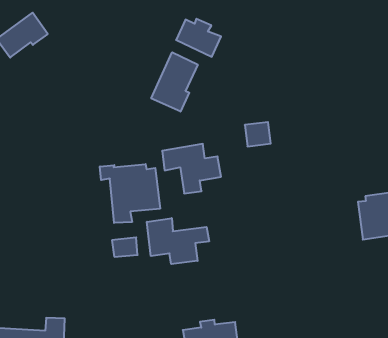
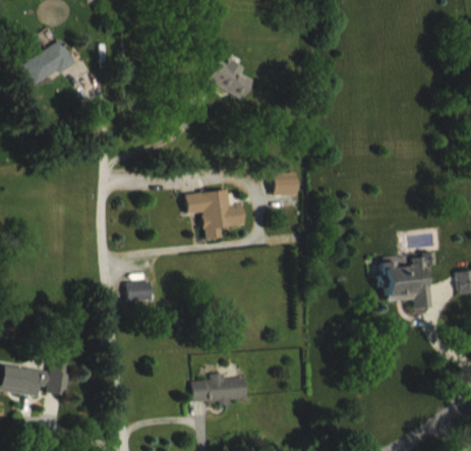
building: [151,52,198,112] -> none
building: [100,164,160,223] -> none
building: [147,218,209,264] -> none

